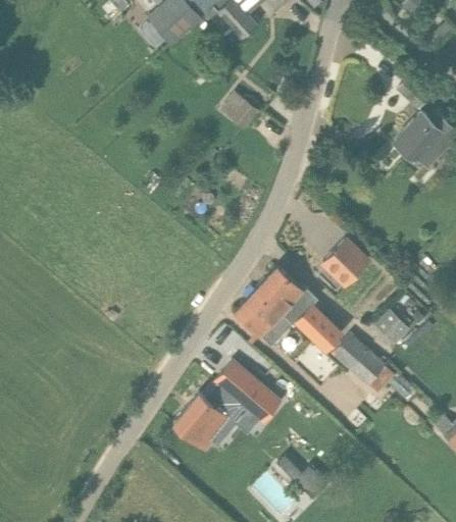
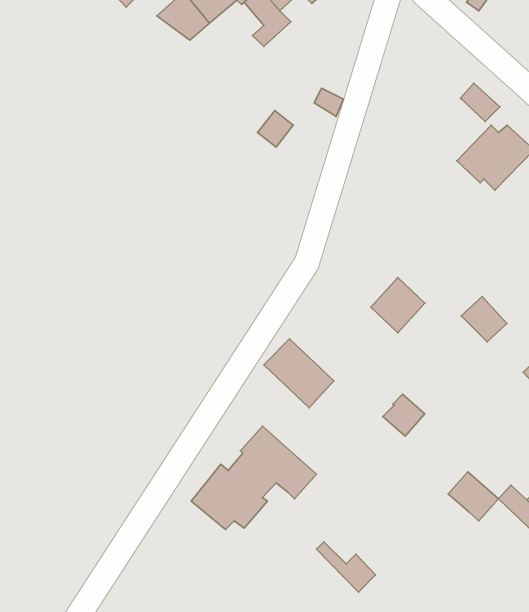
building: [255,267,343,353] -> none
building: [375,306,413,344] -> [461,296,507,342]
building: [351,352,393,393] -> [448,472,499,521]

